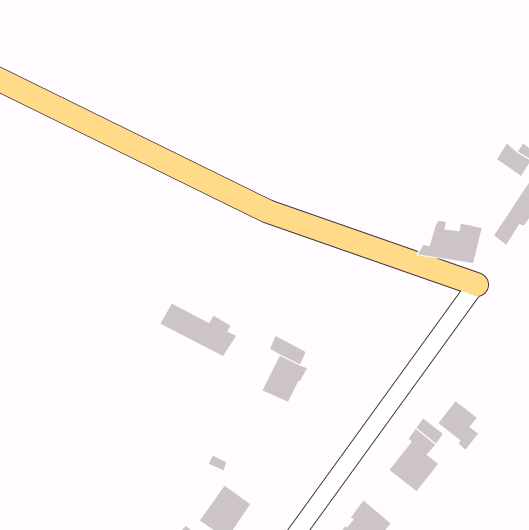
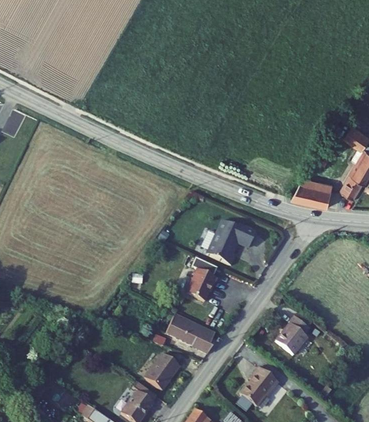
building: none -> [209,219,257,263]
building: [159,303,237,357] -> [165,316,217,352]
building: [437,400,479,450] -> none

